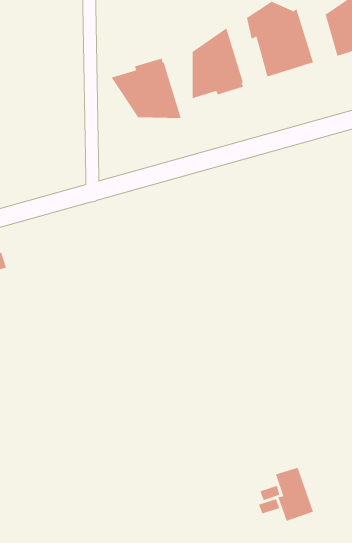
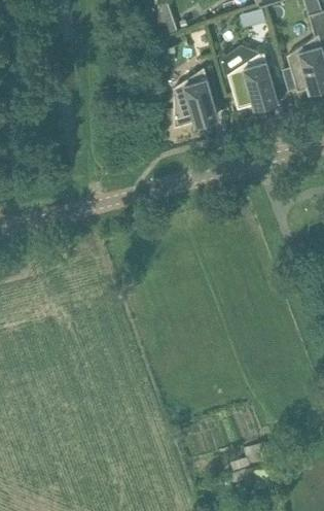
building: [111,58,181,119] -> none

